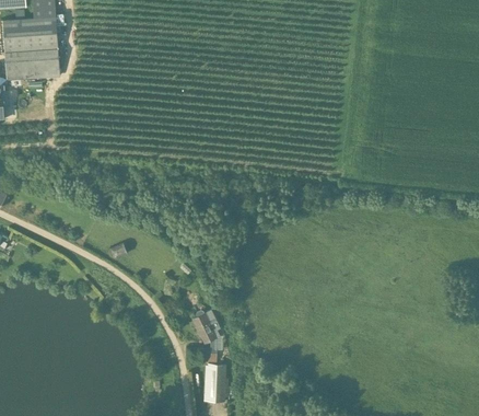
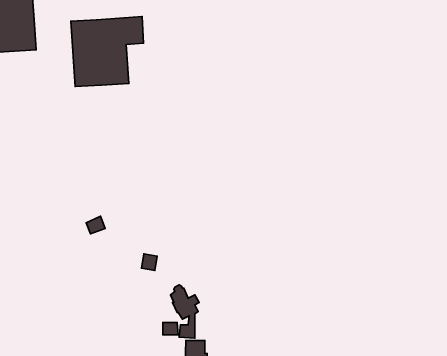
building: none -> [71,16,143,87]

